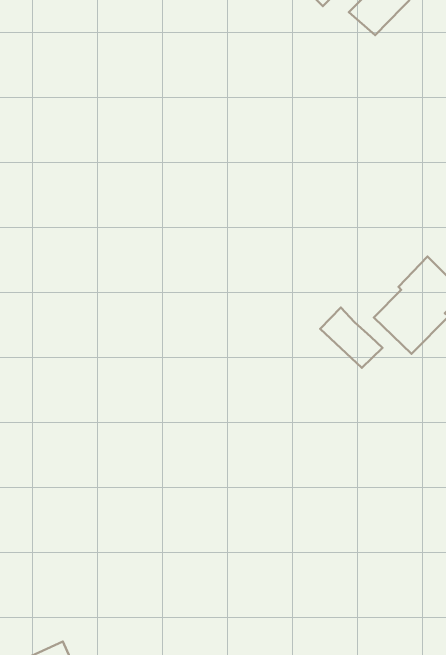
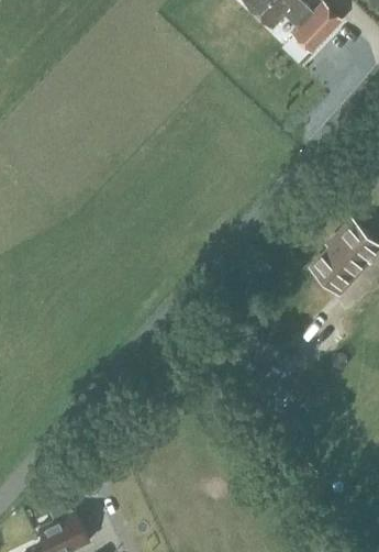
building: [320,307,383,368] -> none

